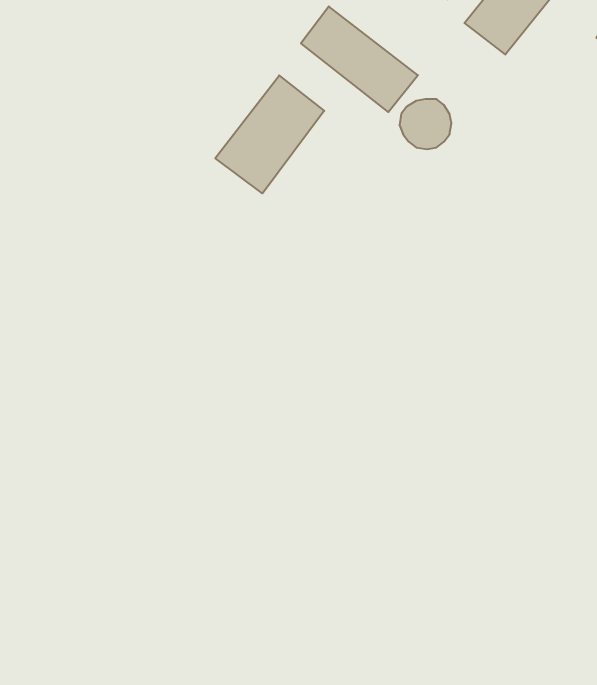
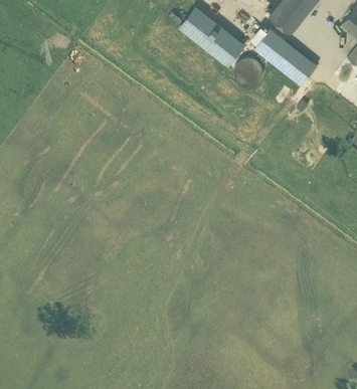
building: none -> [253,29,317,86]
building: [215,75,324,193] -> none

